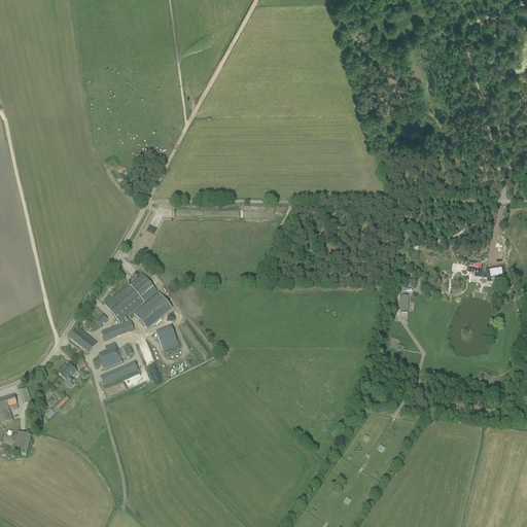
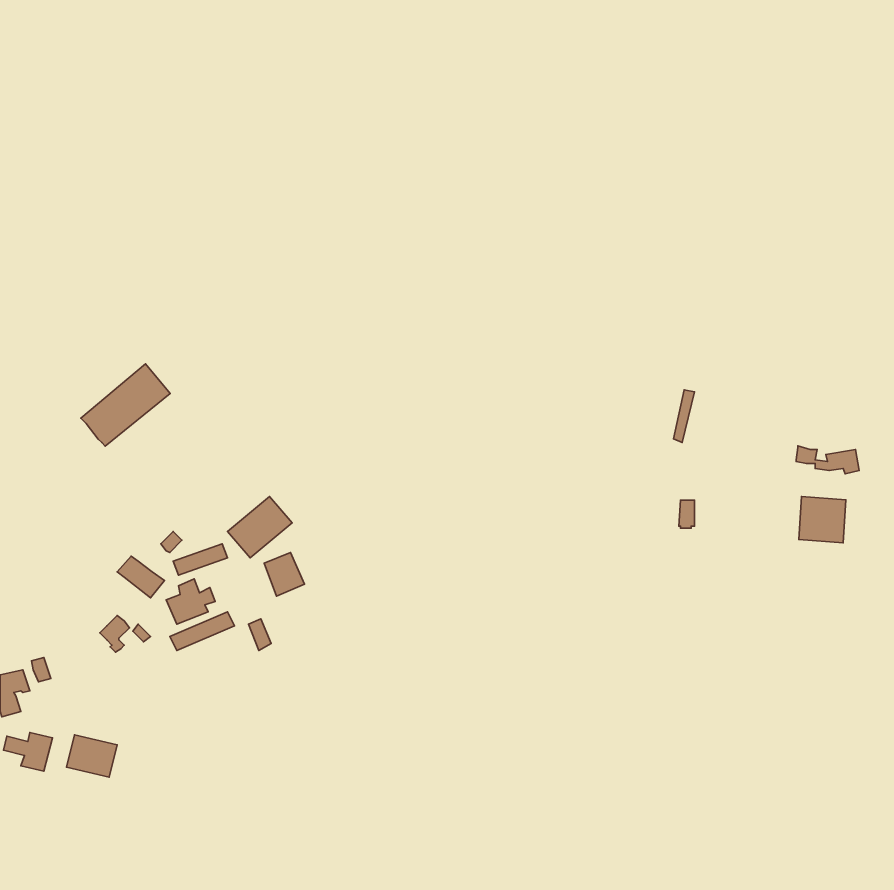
building: [105,273,157,321] -> [81,364,170,446]
building: none -> [799,496,846,543]
building: none -> [66,735,117,777]

